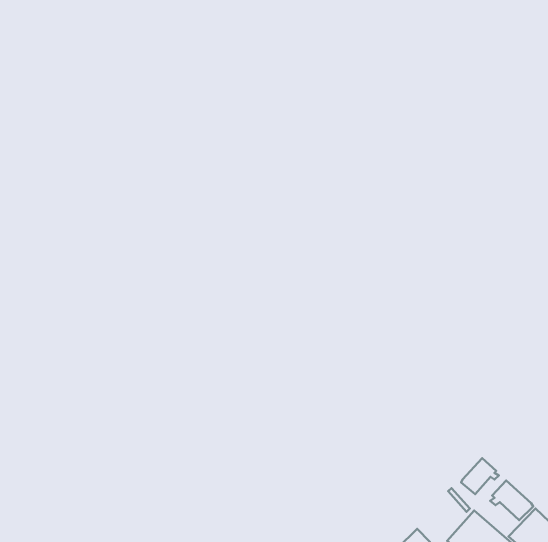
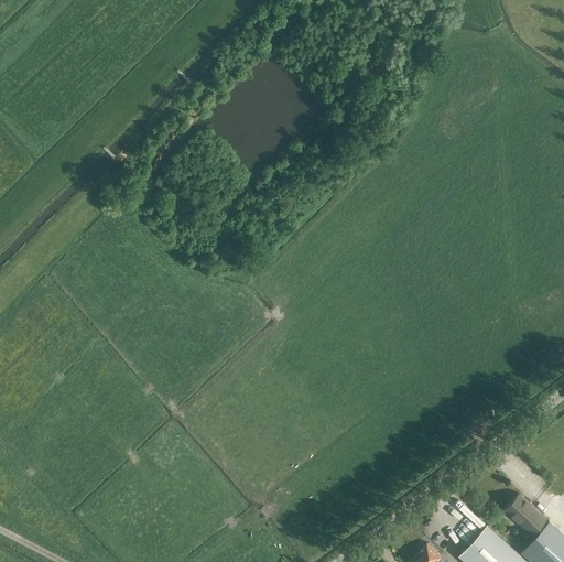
building: [461,458,499,494] -> none

